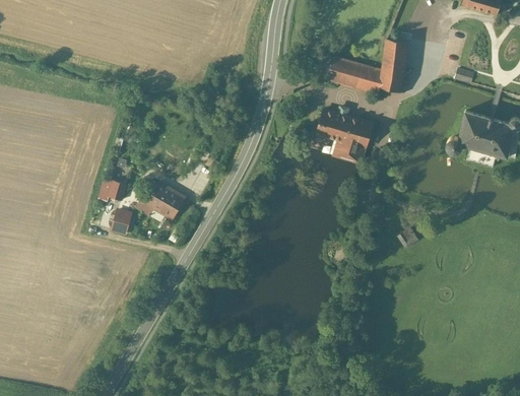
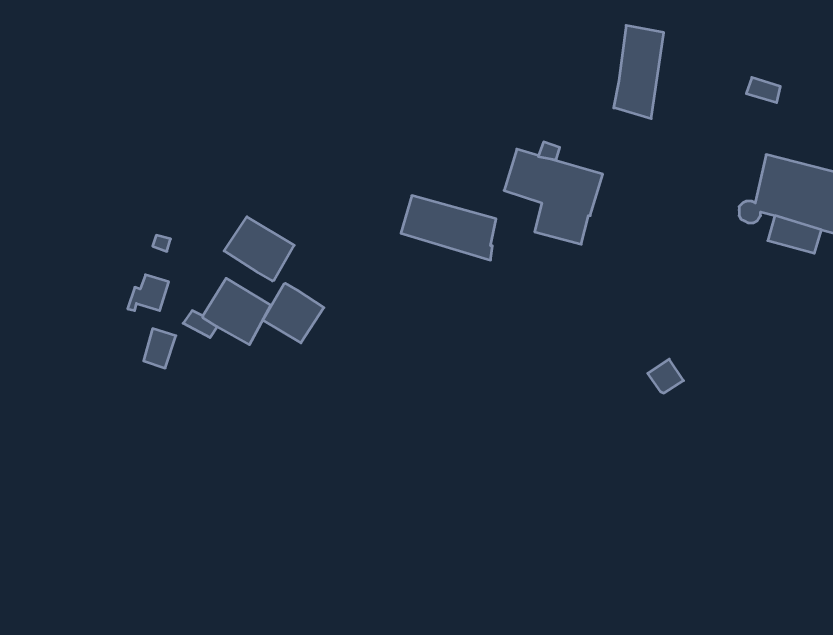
building: [327,57,381,93] -> [401,196,496,260]
building: none -> [224,217,294,281]
building: none -> [263,283,324,343]

